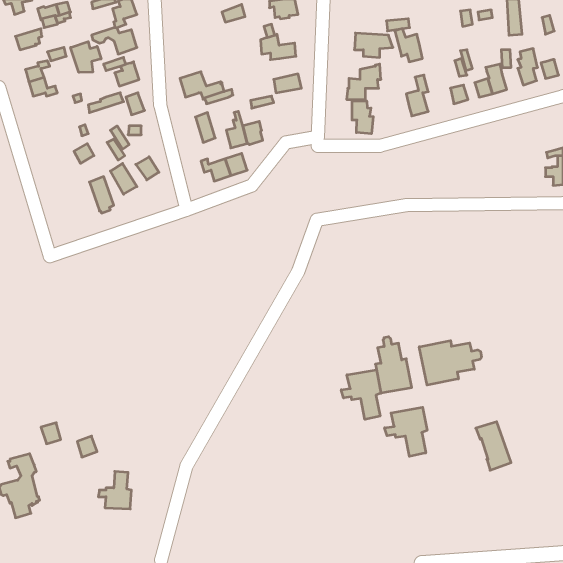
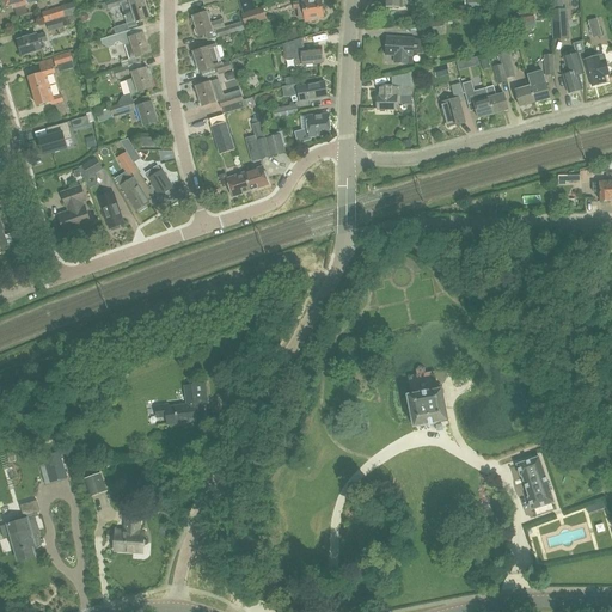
building: none -> [191,11,238,39]
building: [395,29,422,62] -> [461,80,491,116]
building: none -> [191,43,221,71]
building: [71,42,101,72] -> none
building: [352,101,373,134] -> none
building: none -> [293,112,329,142]
building: none -> [37,121,72,153]
building: none -> [56,185,90,233]
building: [419,341,481,385] -> none
building: none -> [154,382,206,424]
building: [341,370,381,419] -> none
building: [385,407,427,456] -> none

